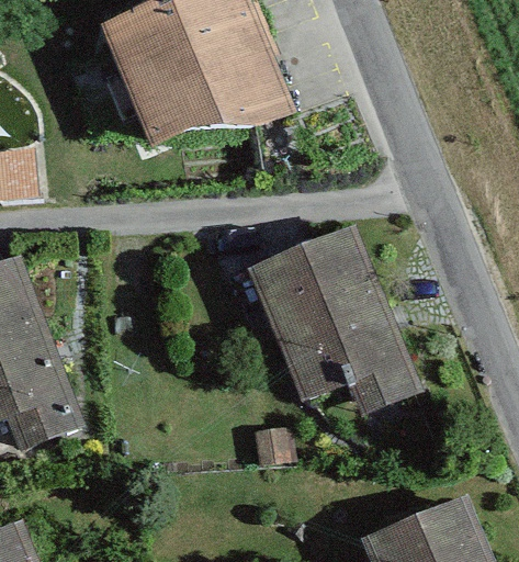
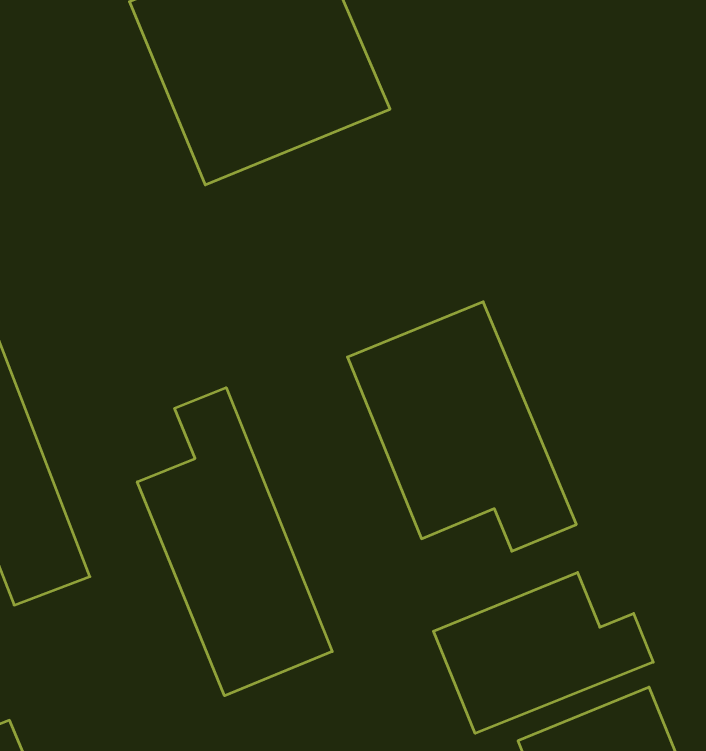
building: none -> [137,388,332,696]
building: none -> [433,572,653,733]

